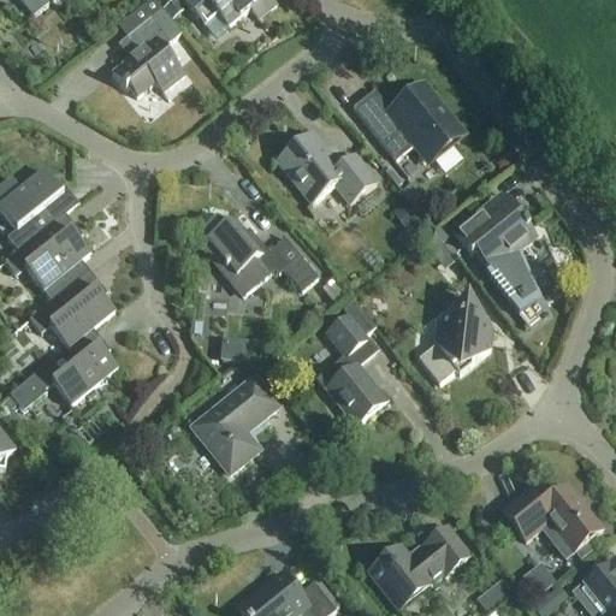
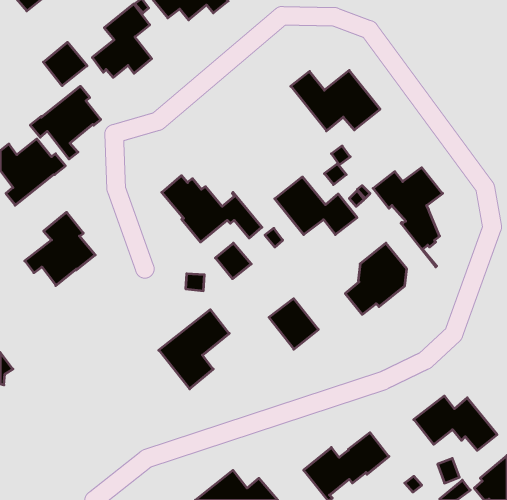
building: none -> [43,42,87,86]
building: [277,131,377,201] -> [275,177,357,235]
building: [5,212,90,300] -> [30,87,101,159]
building: [326,313,369,356] -> [215,243,251,279]
building: [10,326,118,409] -> none

